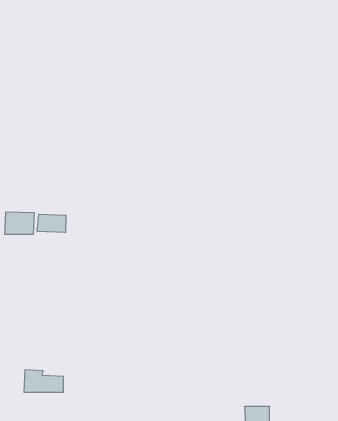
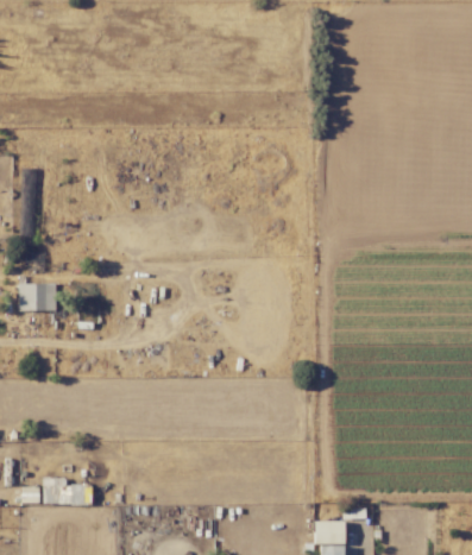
building: [37,214,66,233] -> none

